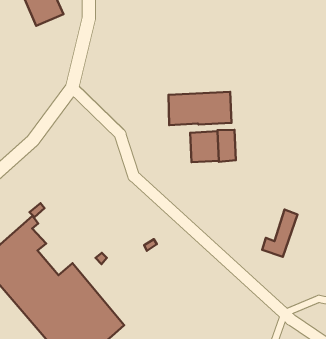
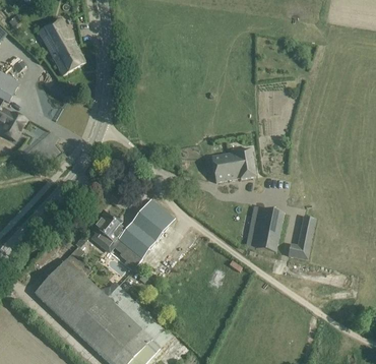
building: [168,92,232,125] -> none
building: none -> [98,198,171,270]
building: none -> [245,207,284,251]

